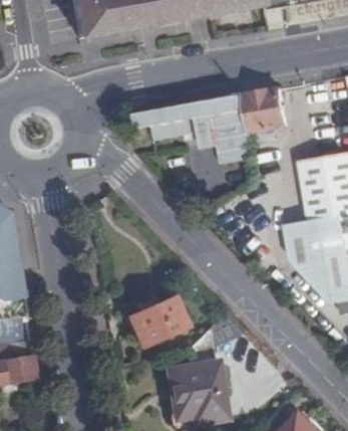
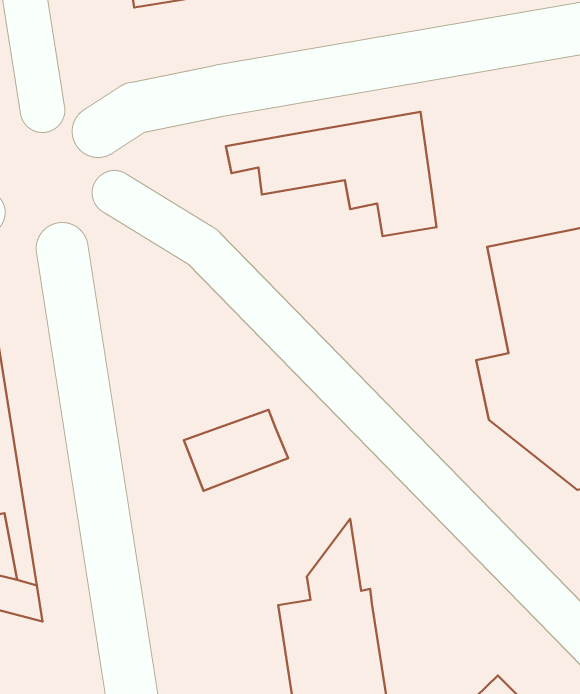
building: [246,84,290,134] -> none
building: [131,297,190,343] -> [184,410,288,491]

